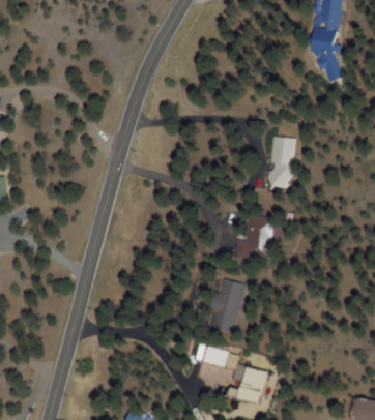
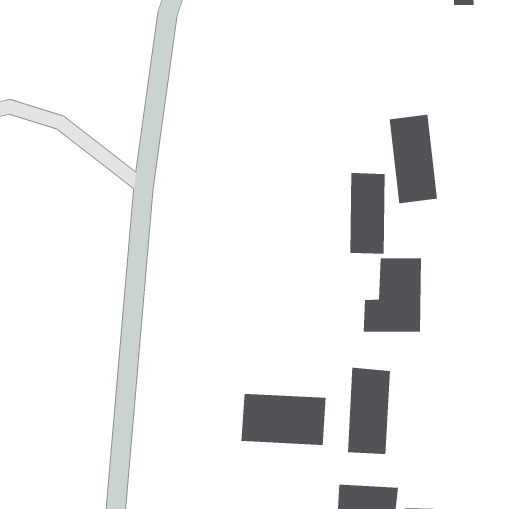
building: none -> [350,172,385,255]
building: none -> [241,393,326,446]

